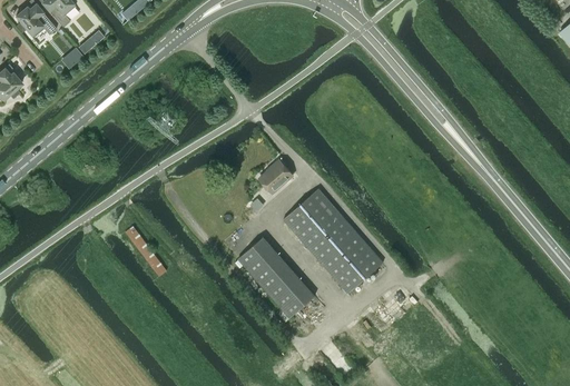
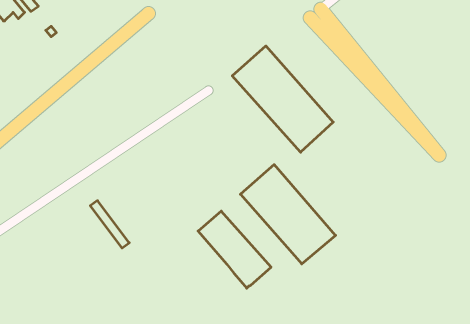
building: none -> [232,46,333,152]
building: [259,159,293,194] -> none

